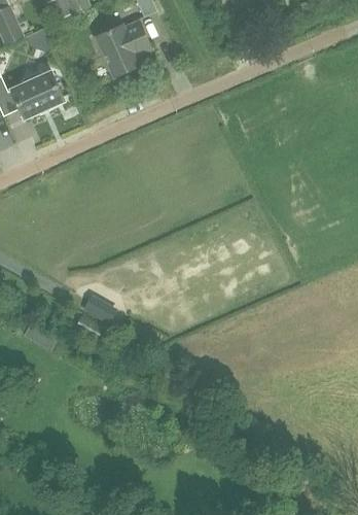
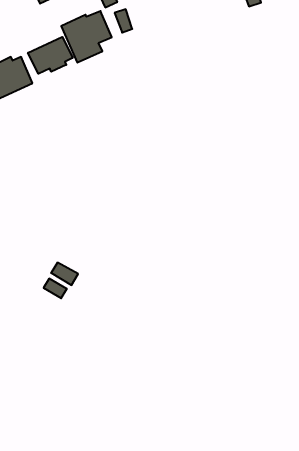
building: none -> [28,37,73,74]

